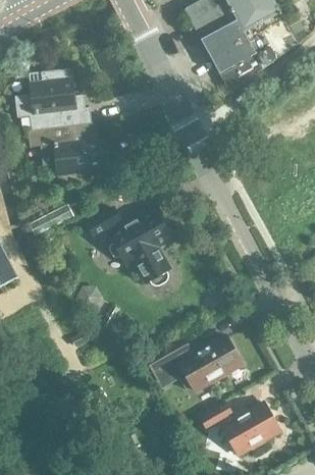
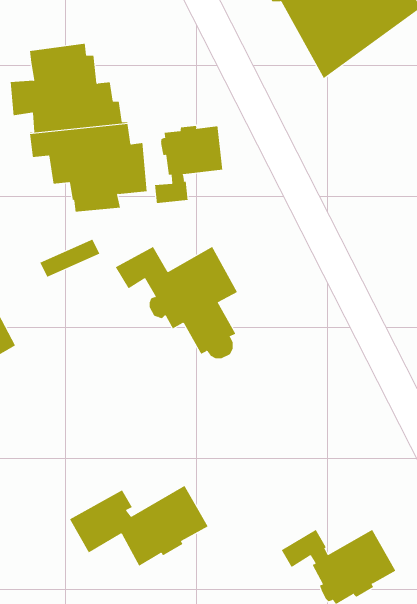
building: none -> [154,125,223,204]
building: [146,334,242,390] -> [69,485,208,567]

